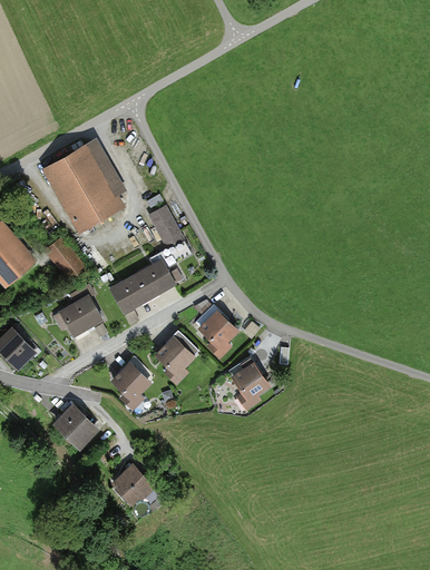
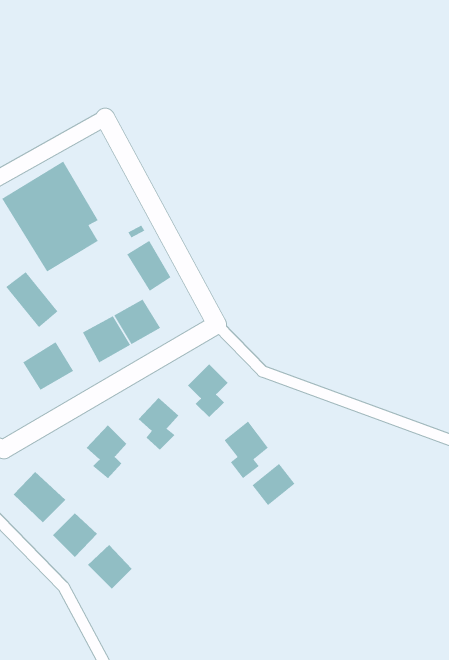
building: none -> [252,463,295,506]
building: none -> [52,513,98,558]

